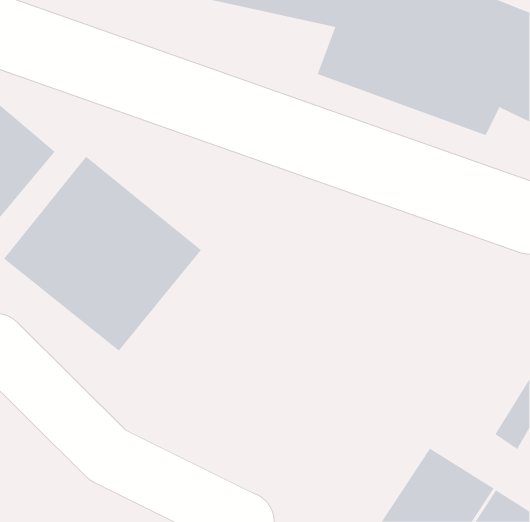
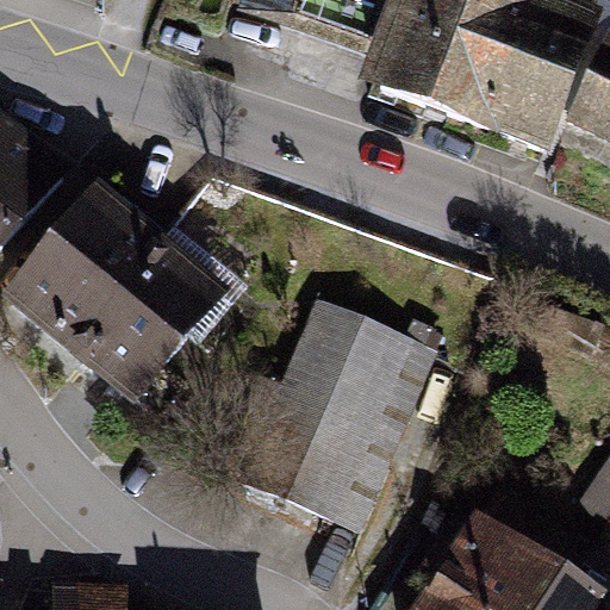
building: none -> [234,297,434,533]

